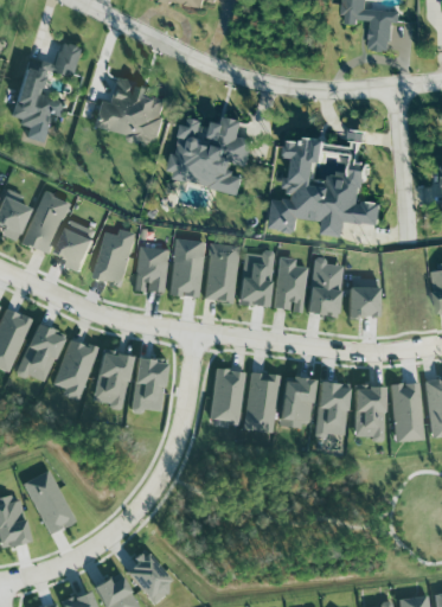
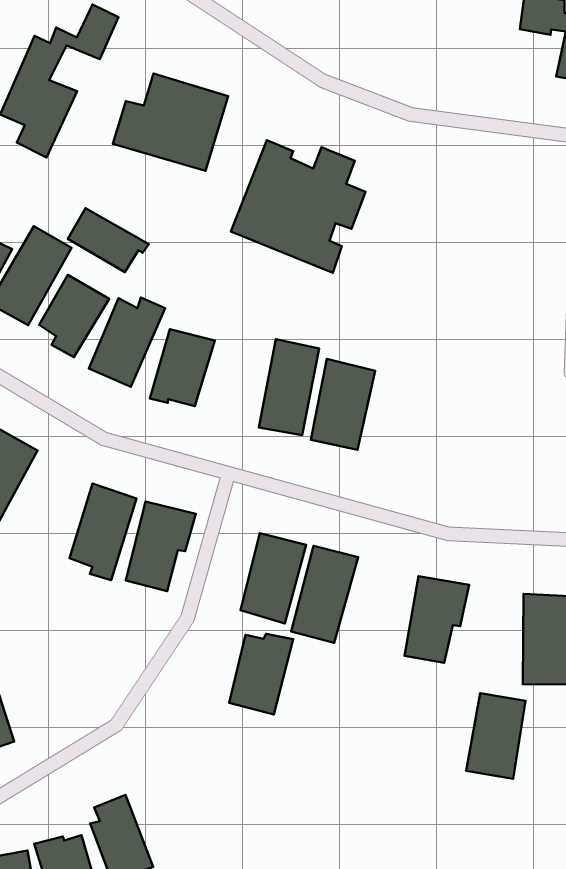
building: [270,138,383,237] -> none
building: none -> [68,208,149,272]
building: [169,237,205,299] -> none
building: [273,258,307,313] -> none
building: [309,258,345,318] -> none
building: [350,287,382,318] -> none
building: [53,339,96,403] -> none
building: [281,378,316,429] -> [229,634,293,714]
building: [354,388,386,440] -> [466,693,525,779]

